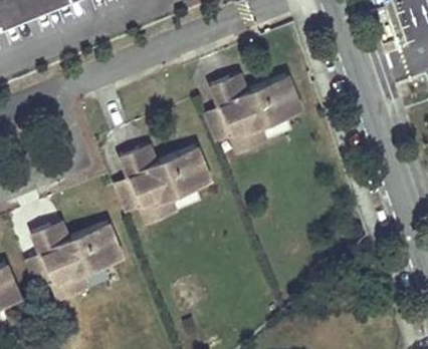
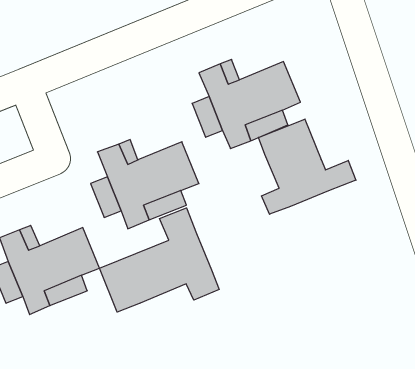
building: none -> [258,119,356,214]
building: none -> [100,208,219,312]

